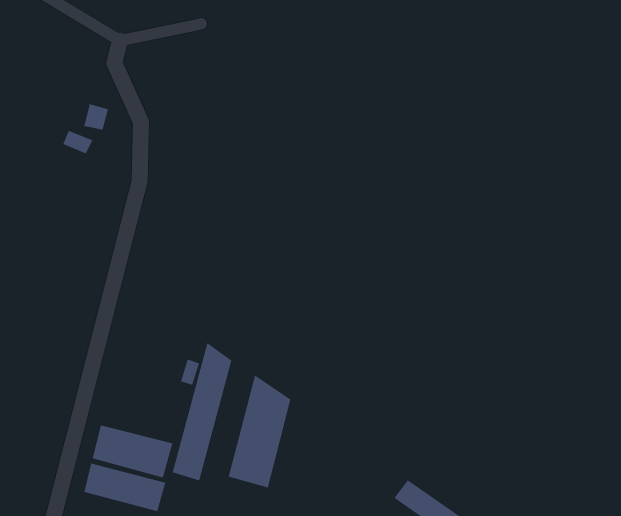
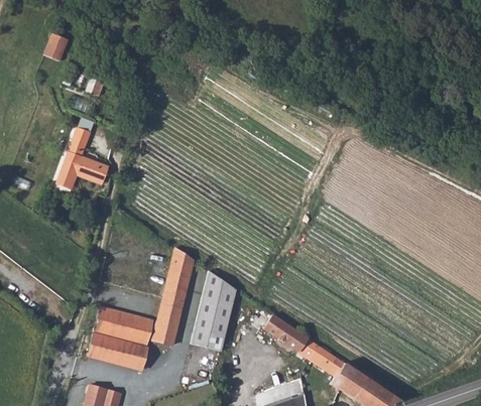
building: none -> [45,32,71,60]
building: none -> [56,124,107,191]
building: none -> [262,313,307,352]

